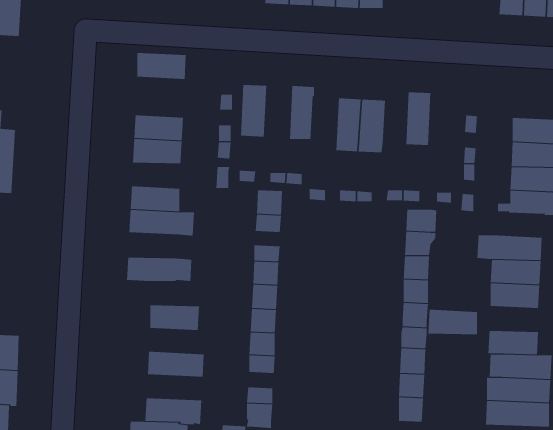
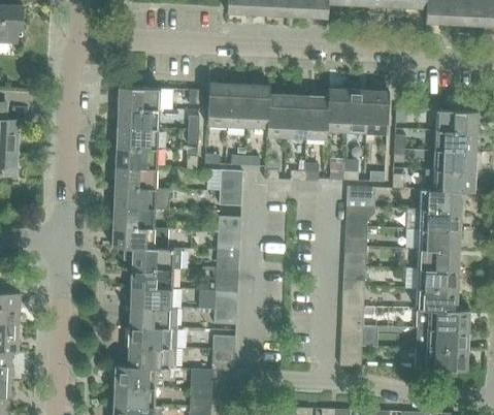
building: [136,52,187,79] -> [118,87,160,109]
building: none -> [227,83,250,128]
building: none -> [327,87,348,132]
building: none -> [365,89,388,134]
building: none -> [266,92,289,137]
building: none -> [114,148,157,169]
building: none -> [419,189,462,211]
building: none -> [111,206,155,228]
building: none -> [130,247,179,269]
building: [427,309,478,335] -> [416,268,458,290]
building: none -> [129,287,171,309]
building: none -> [127,326,175,348]

